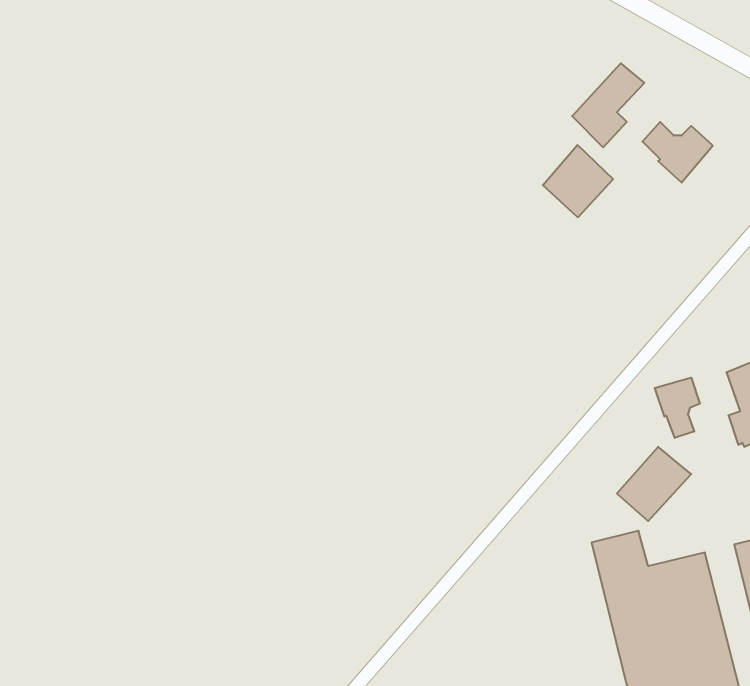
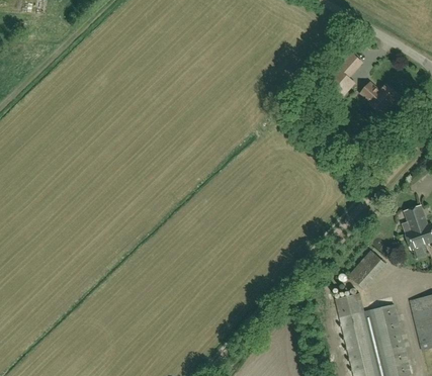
building: [543,145,613,217] -> none
building: [655,378,700,438] -> none

